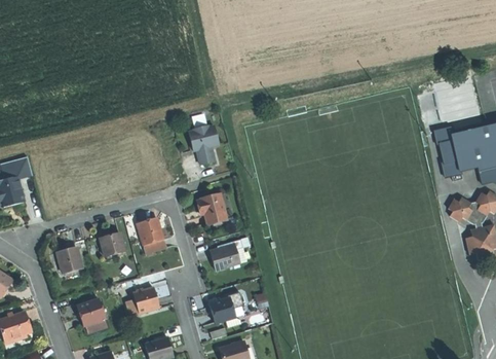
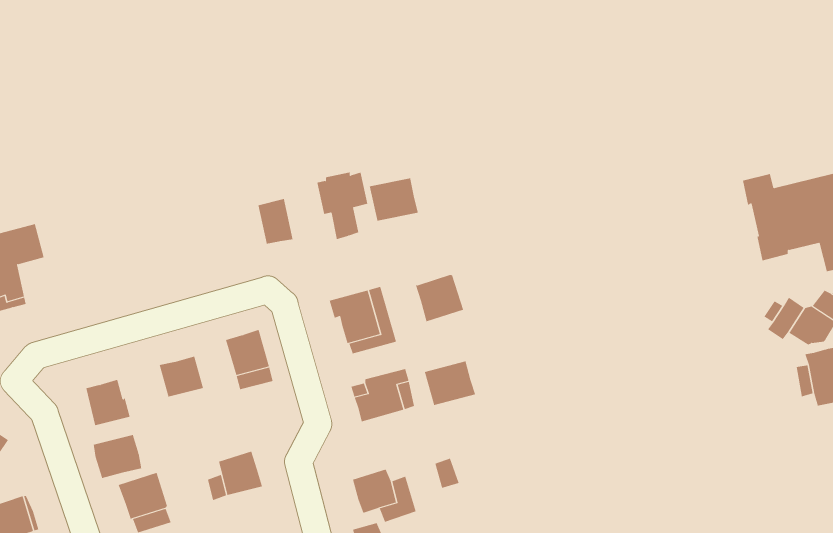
building: none -> [369,178,419,222]
building: none -> [258,198,293,245]
building: none -> [415,274,464,322]
building: none -> [424,360,476,406]
building: none -> [93,434,142,479]

